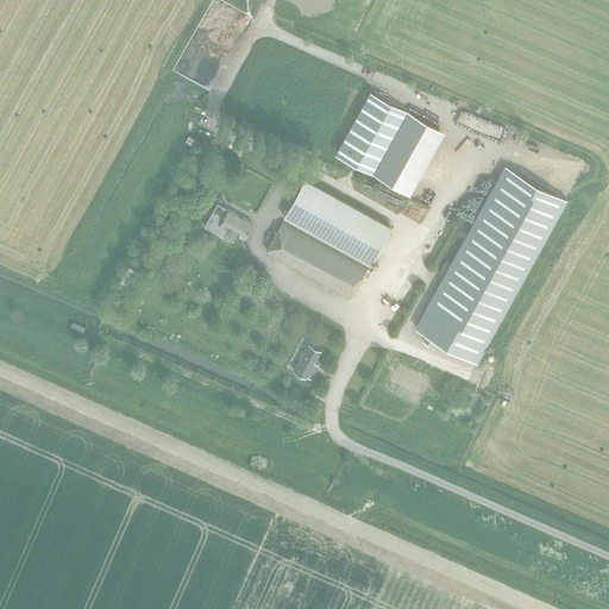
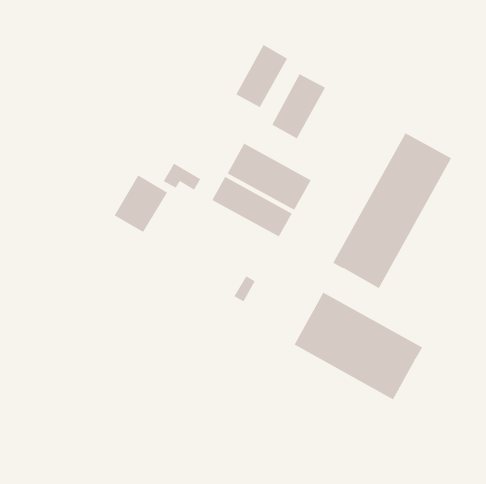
building: [372,114,438,194] -> [235,44,288,108]
building: none -> [114,174,168,233]
building: none -> [294,292,423,400]

